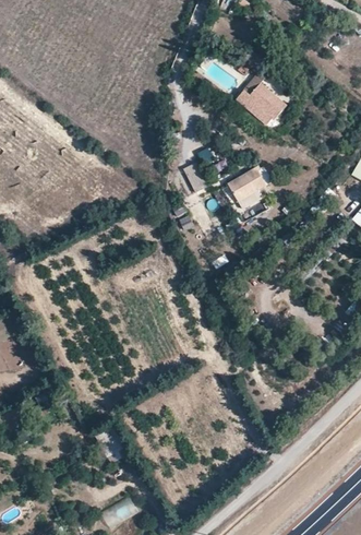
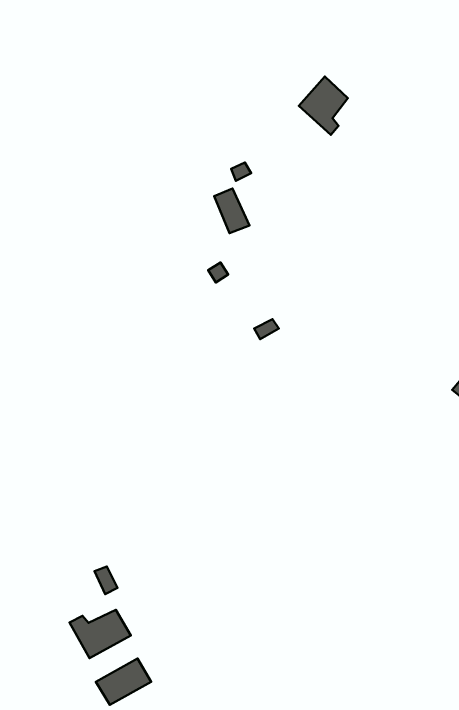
building: [227,166,265,202] -> none
building: none -> [69,610,131,658]

